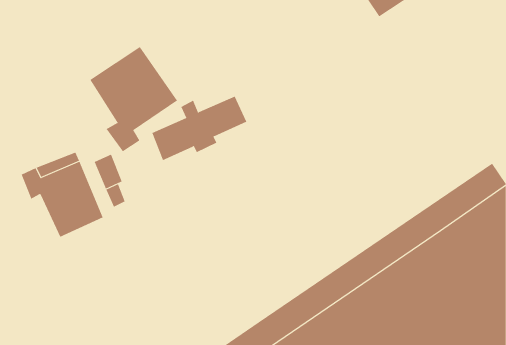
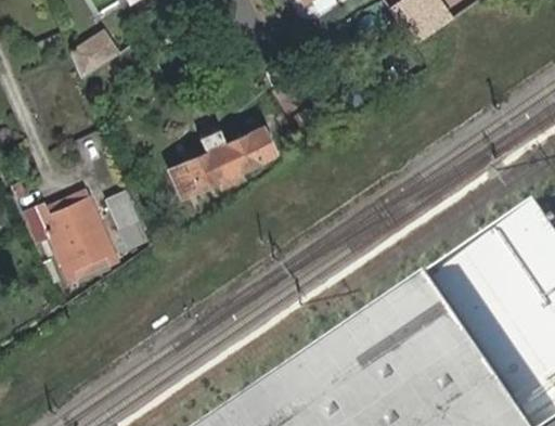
building: none -> [66,30,114,78]
building: [89,46,178,152] -> none

